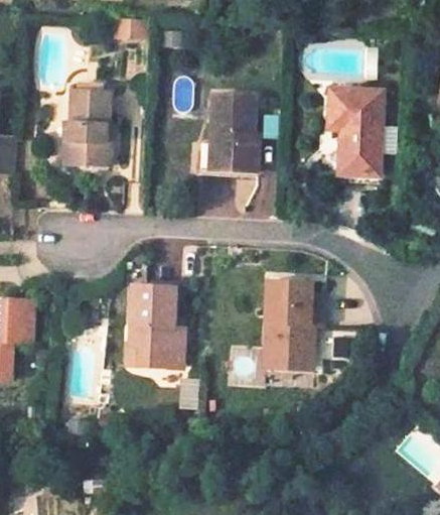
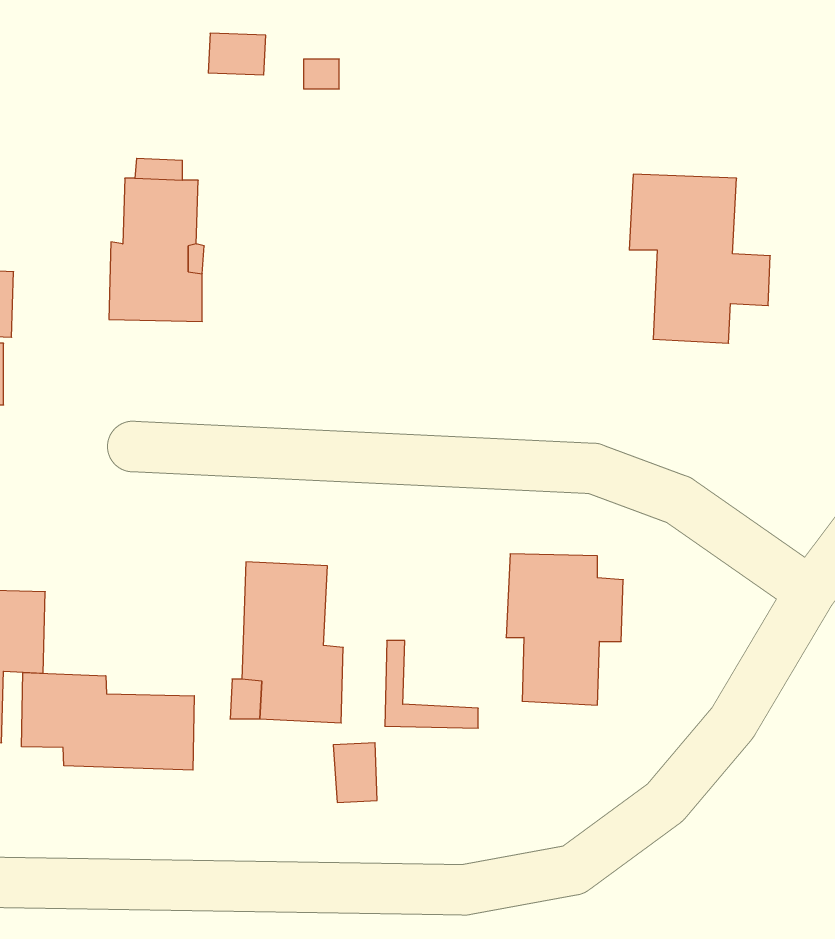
building: [199,96,256,172] -> none
building: [264,325,311,369] -> [385,641,478,728]
building: none -> [22,672,194,770]

